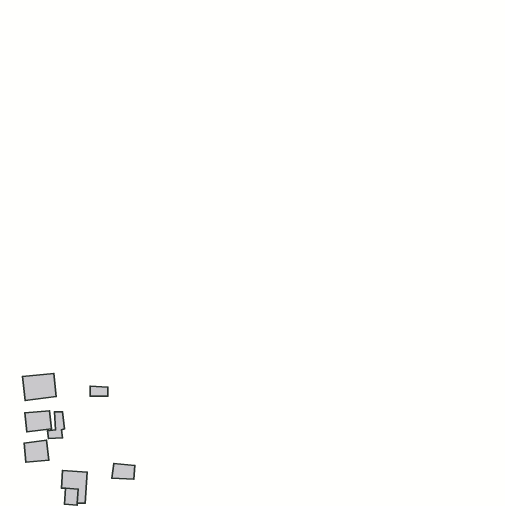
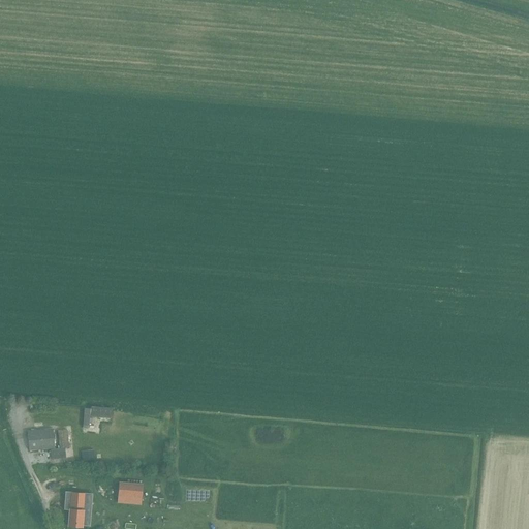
building: [23,374,56,400] -> none
building: [24,440,49,462] -> none

